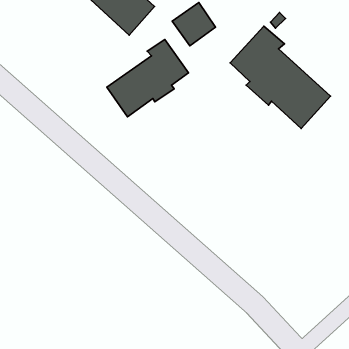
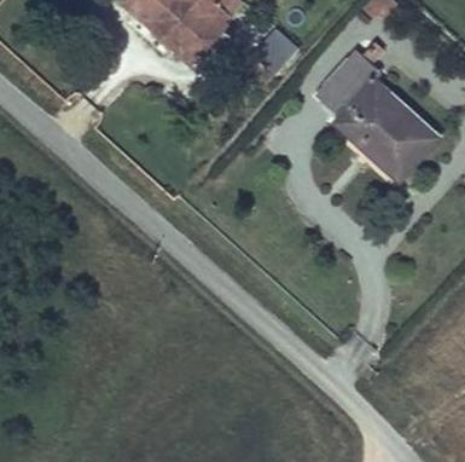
building: [107,40,188,117] -> none

